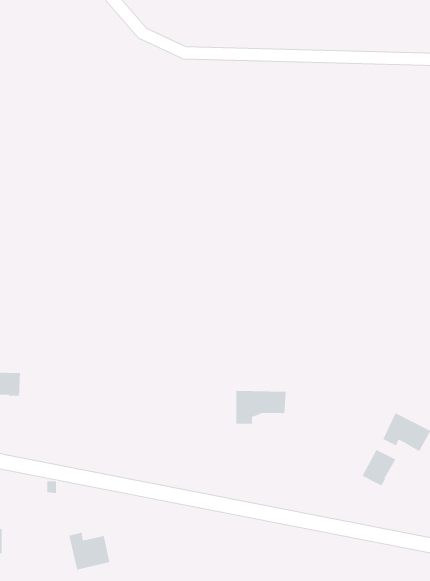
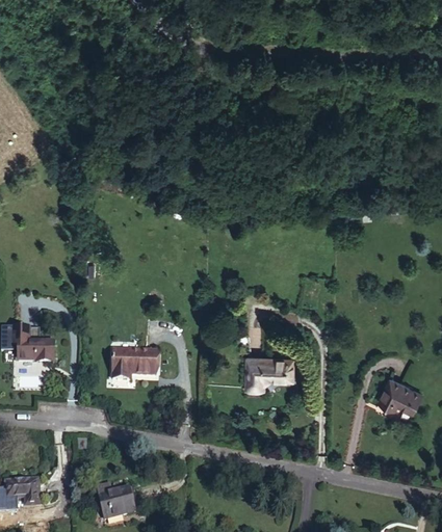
building: none -> [112,349,156,378]
building: [362,449,396,486] -> none

